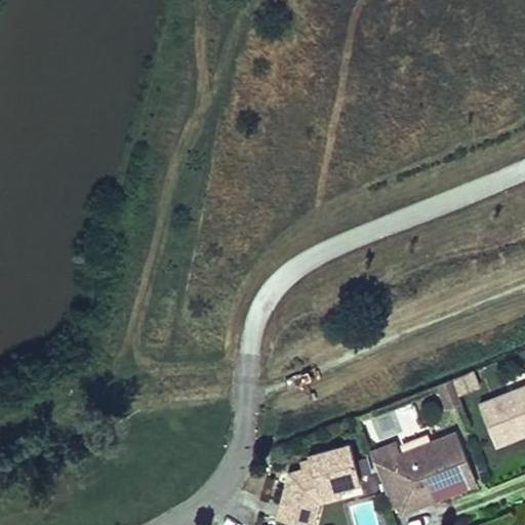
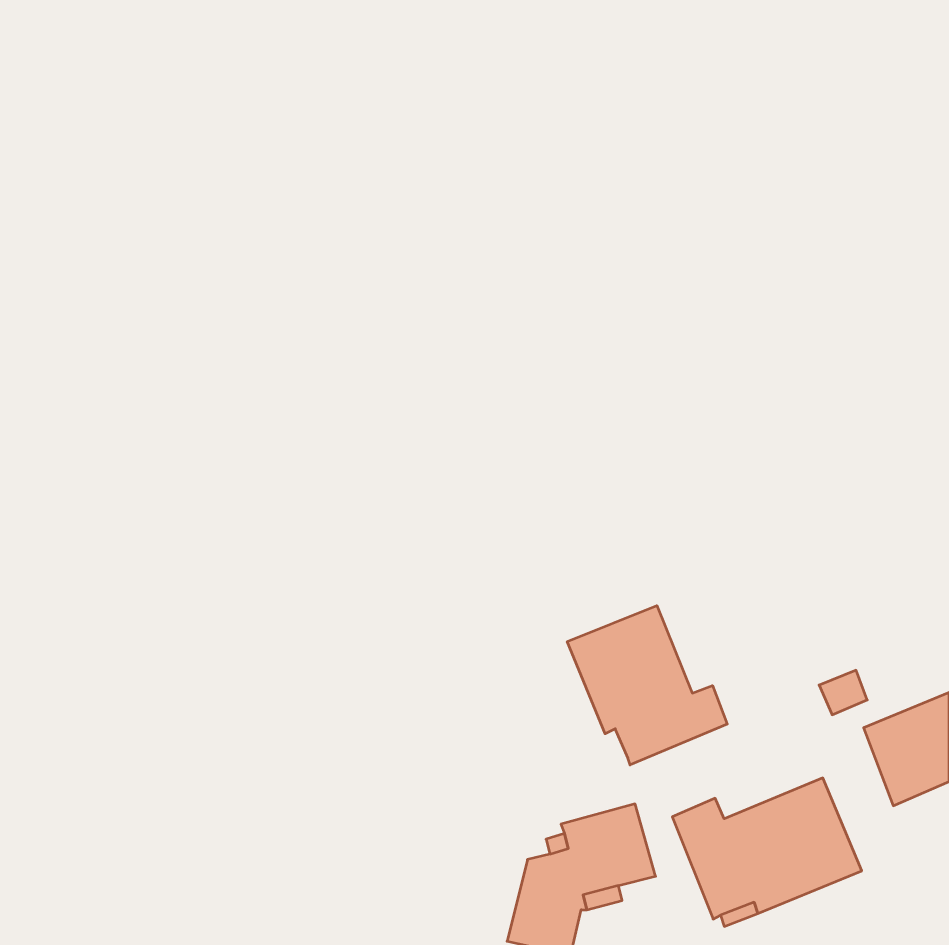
building: none -> [567,606,727,765]

